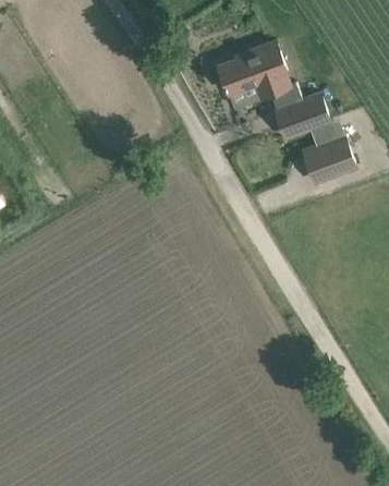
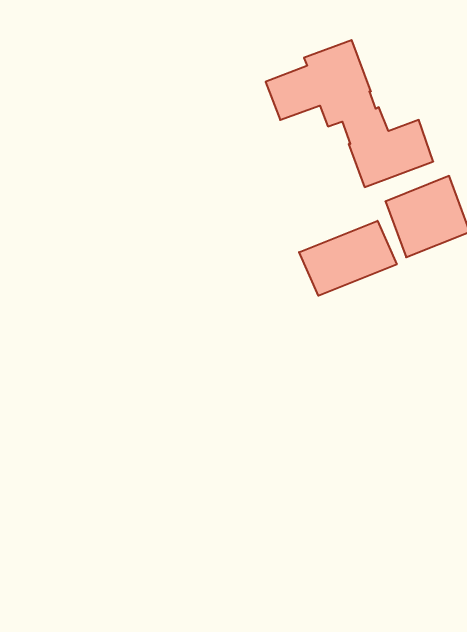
building: none -> [299,221,397,296]

